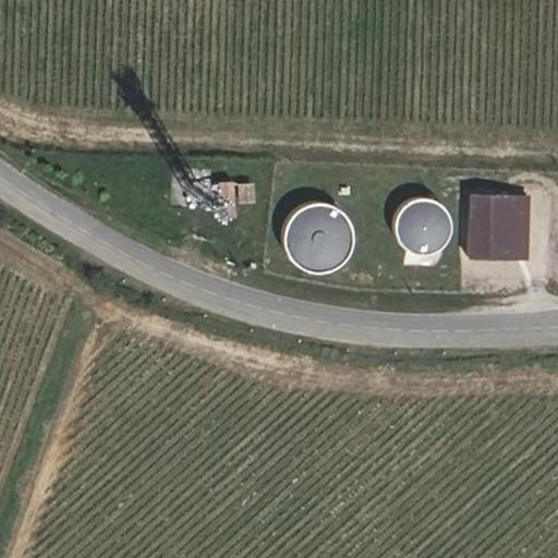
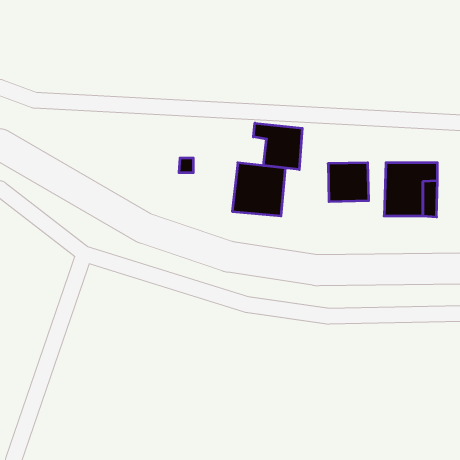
building: none -> [253,123,302,170]

